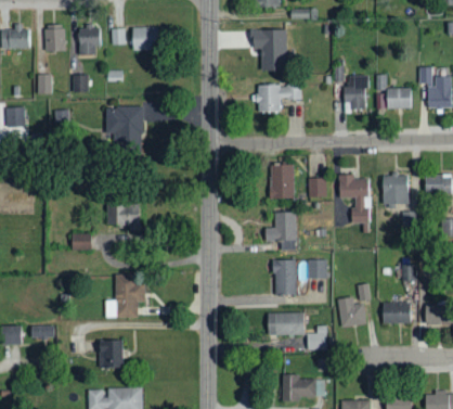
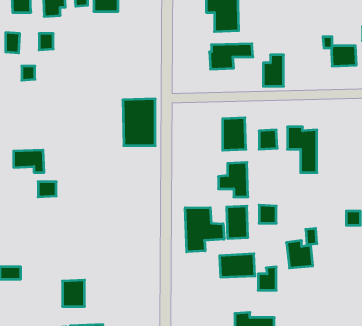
building: [346,76,367,110] -> [263,55,284,86]
building: [108,106,143,156] -> [123,99,155,146]
building: [383,174,410,205] -> none
building: [107,206,140,230] -> [14,150,44,172]
building: none -> [185,208,224,252]
building: [106,273,145,317] -> none
building: [383,302,412,323] -> none

